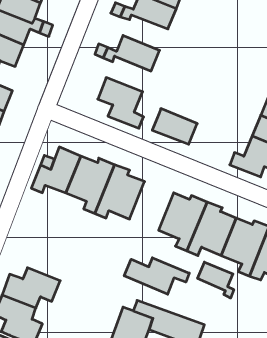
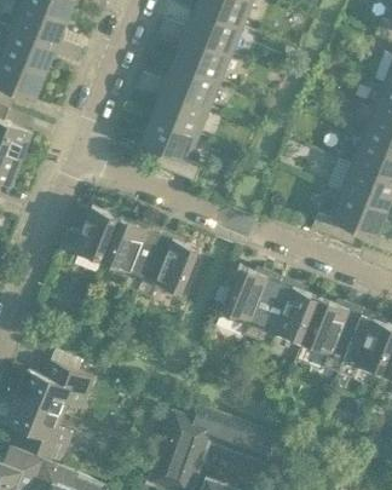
building: none -> [173,35,231,81]
building: [152,109,197,144] -> [151,88,209,134]
building: [124,258,189,294] -> none
building: [198,262,234,298] -> none

